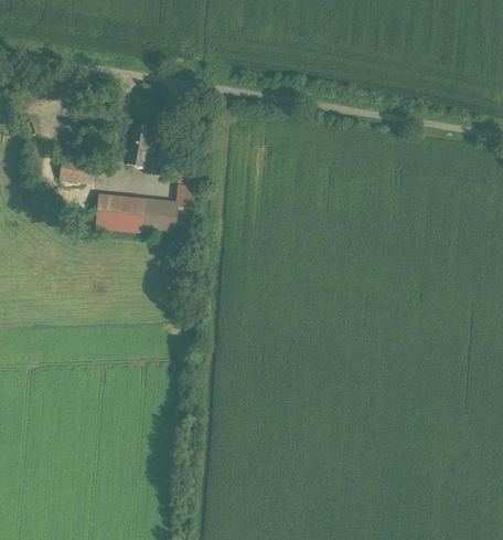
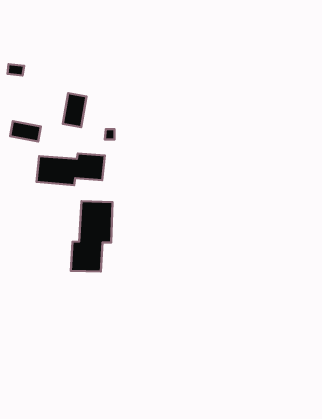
building: none -> [71,201,113,272]

